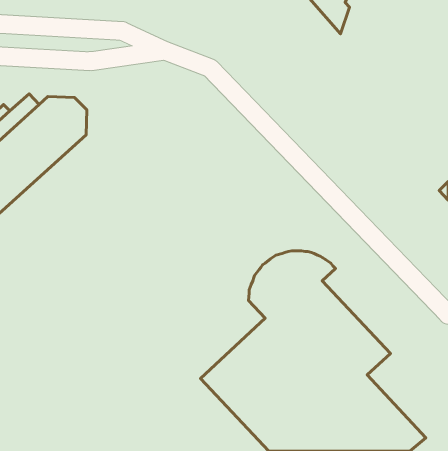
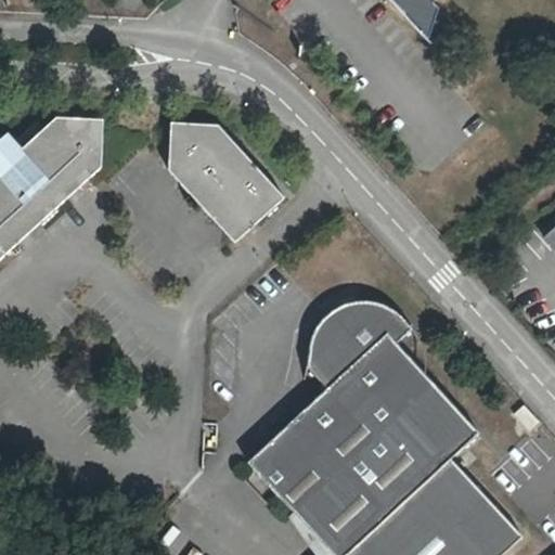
building: none -> [171,122,285,242]

